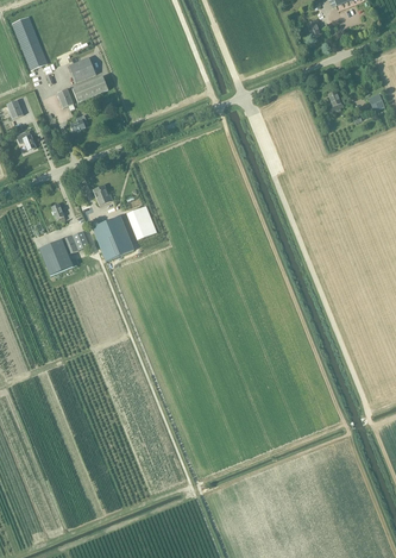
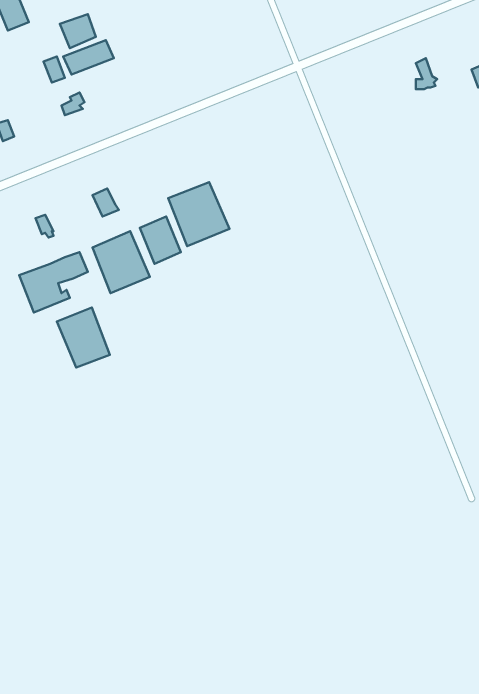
building: none -> [168,182,229,246]
building: none -> [57,308,110,367]

